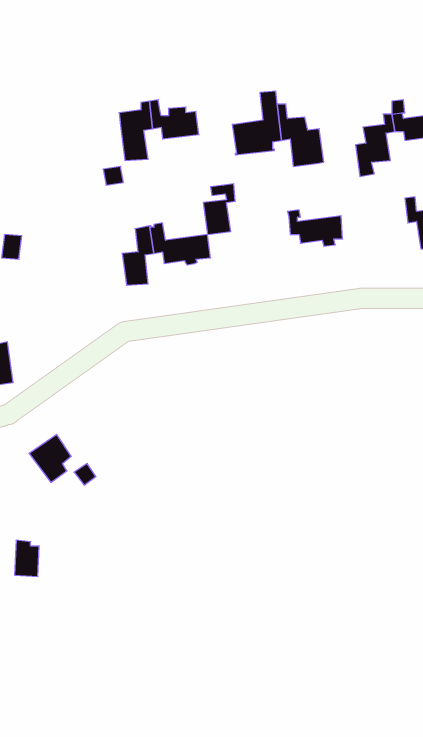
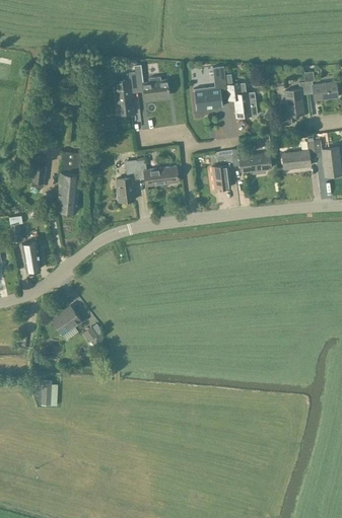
building: [203,184,235,235] -> [211,153,233,189]
building: none -> [281,140,316,169]
building: none -> [56,151,81,211]

